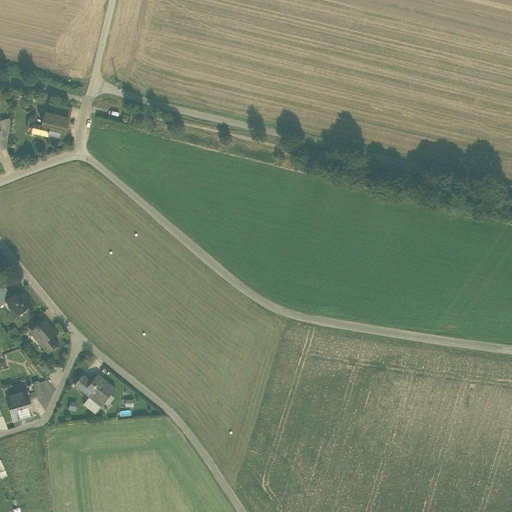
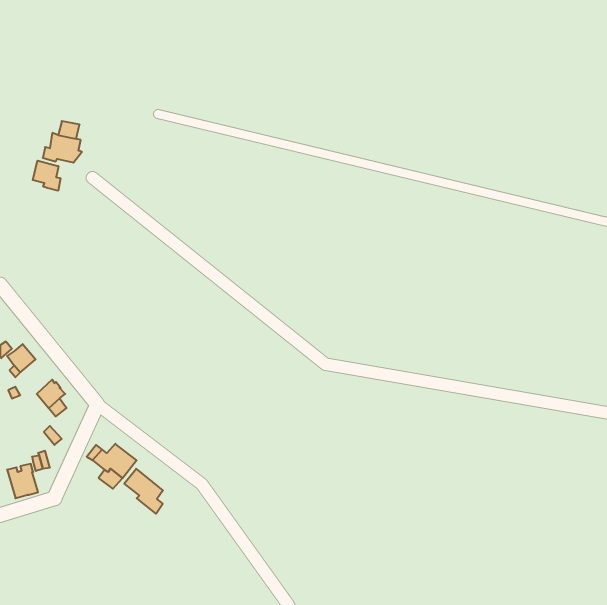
building: none -> [33,161,61,191]
building: none -> [124,469,163,514]

